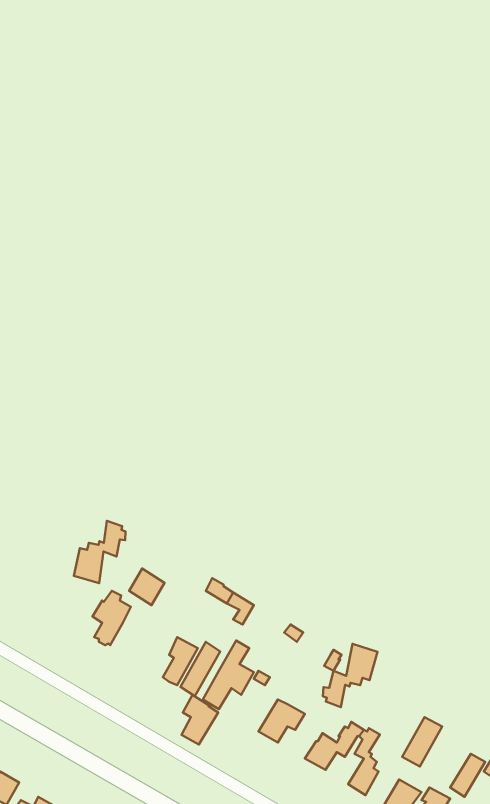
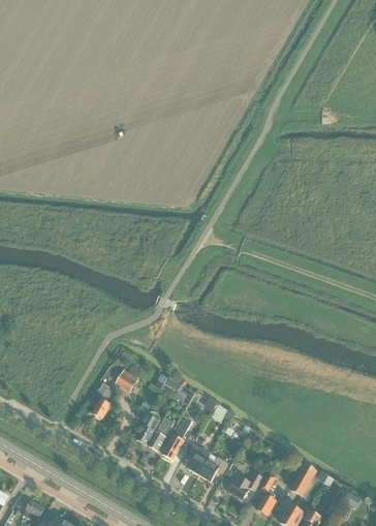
building: [74,521,126,583] -> none
building: [323,644,377,707] -> none
building: [181,695,218,744] -> [187,442,211,474]

